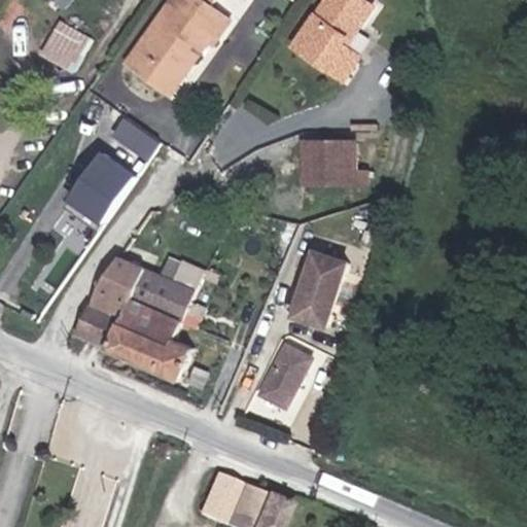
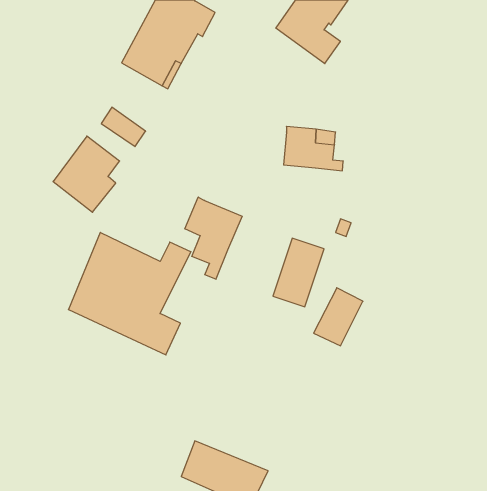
building: [37,20,91,73] -> none
building: none -> [185,197,242,279]
building: [256,348,309,410] -> [314,288,363,346]

